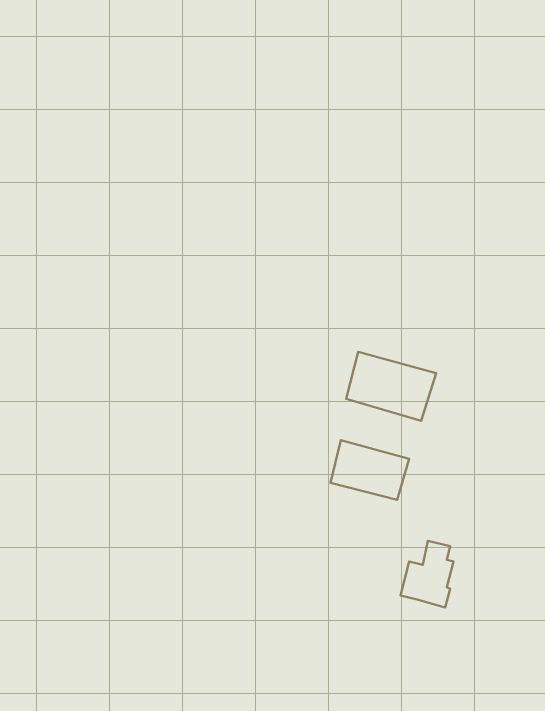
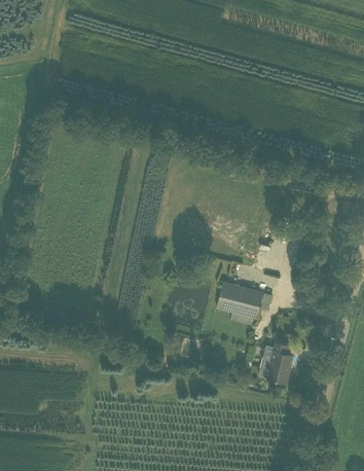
building: [346,352,436,421] -> none

